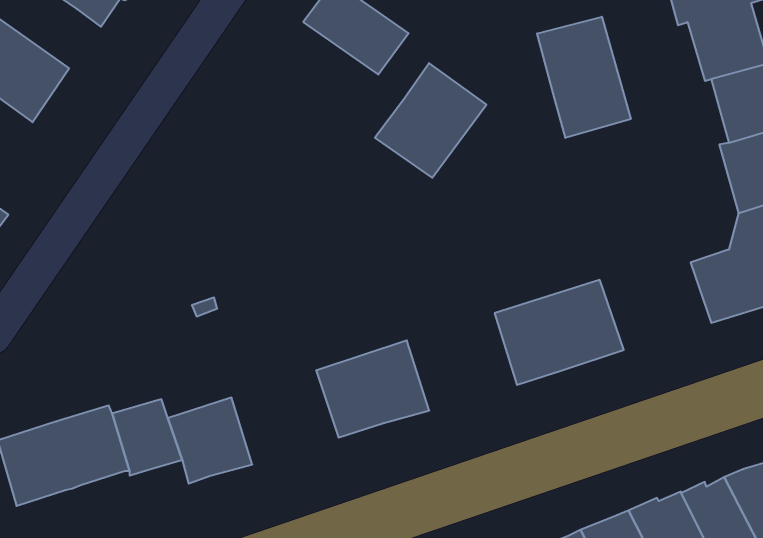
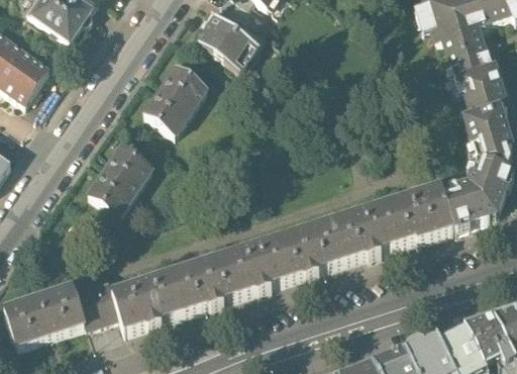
building: [537,17,631,138] -> none
building: [375,63,486,178] -> [139,60,210,132]
building: none -> [85,138,154,211]
building: none -> [385,181,455,244]
building: none -> [263,220,332,282]
building: none -> [151,257,219,316]

